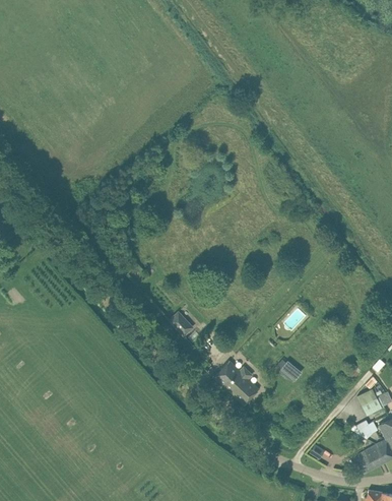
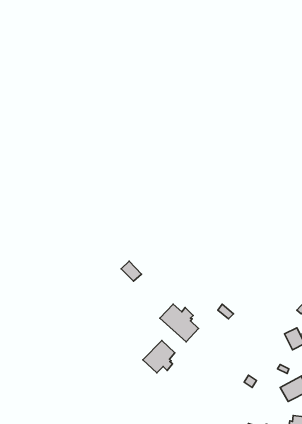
building: none -> [143,340,175,373]

